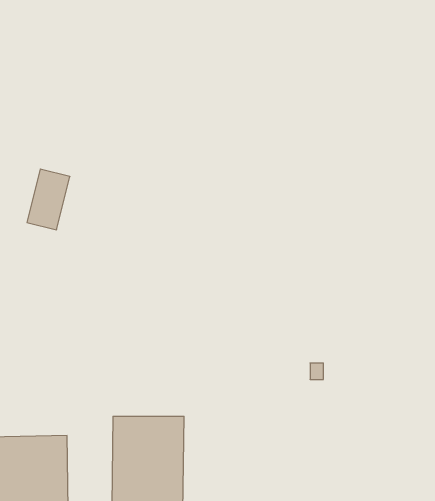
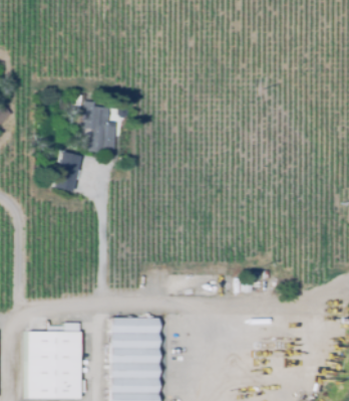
building: none -> [84,101,118,154]

